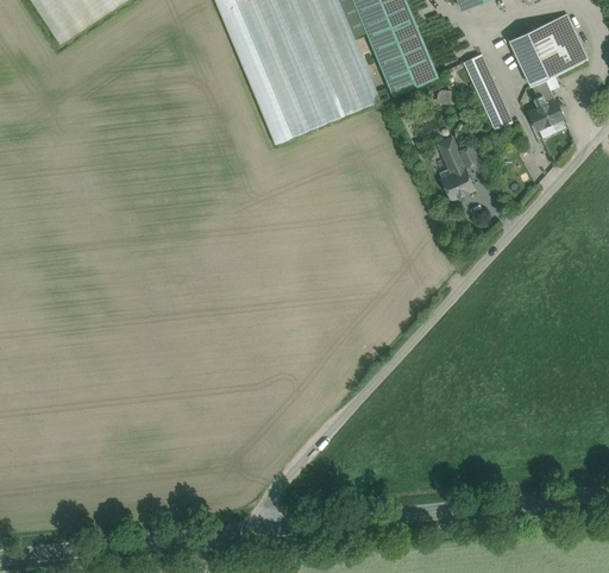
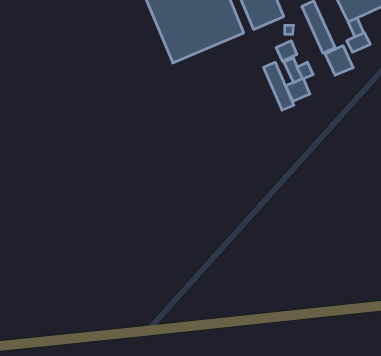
building: none -> [276,41,297,61]
building: none -> [325,46,353,75]
building: none -> [264,62,294,110]

